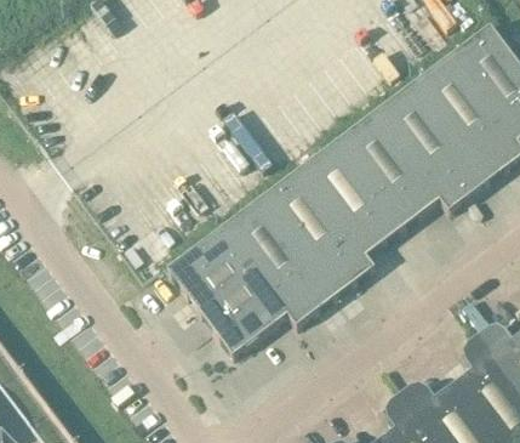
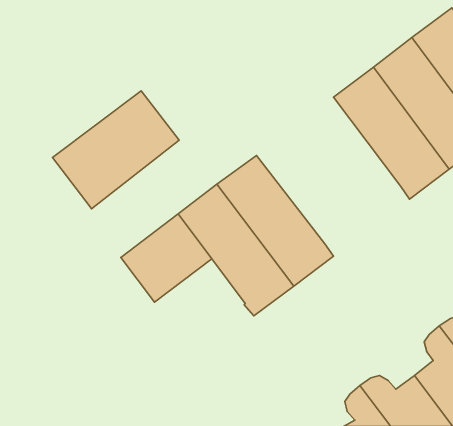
building: none -> [52,91,179,209]
building: [299,110,440,254] -> none
building: [200,268,288,354] -> none

